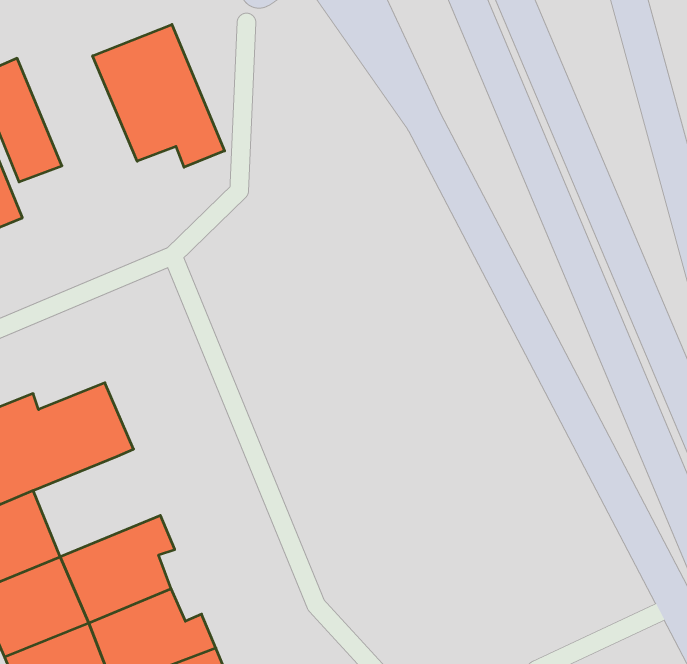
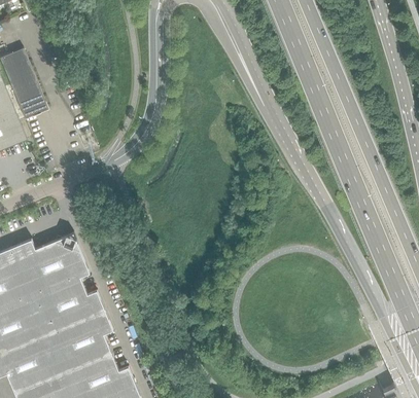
building: [93,24,225,167] -> none
building: none -> [31,277,104,334]

